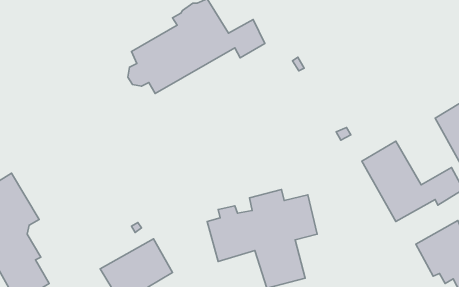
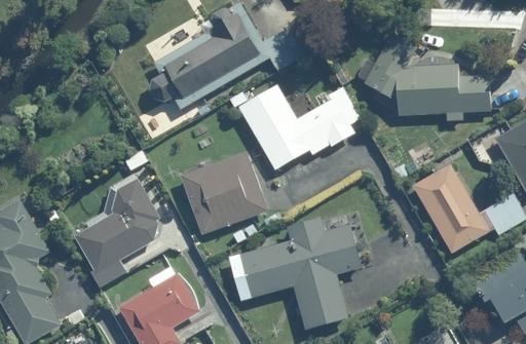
building: none -> [355,32,492,120]
building: none -> [238,85,355,170]
building: none -> [181,152,266,235]
building: none -> [74,179,159,288]

